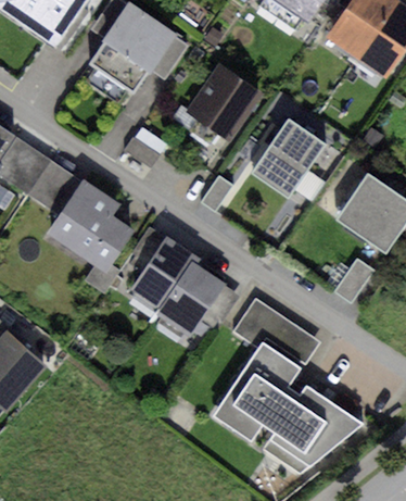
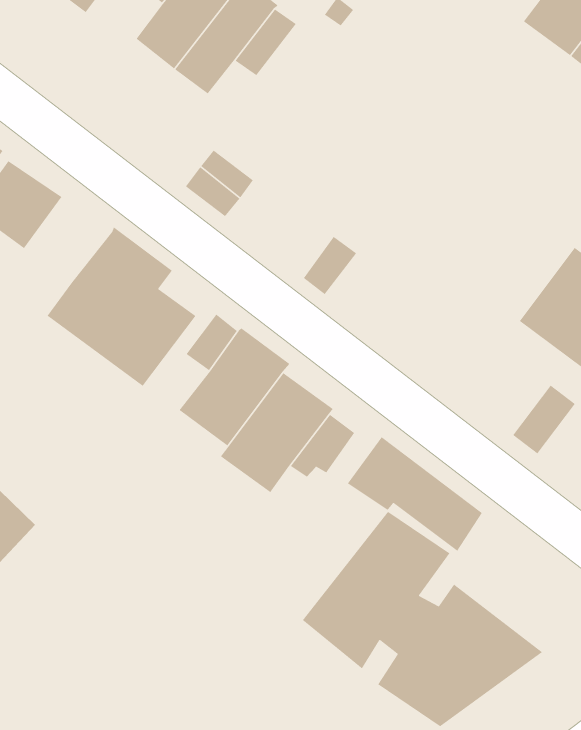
building: [188,64,263,140] -> none
building: [252,117,326,198] -> none
building: [28,161,81,213] -> none

